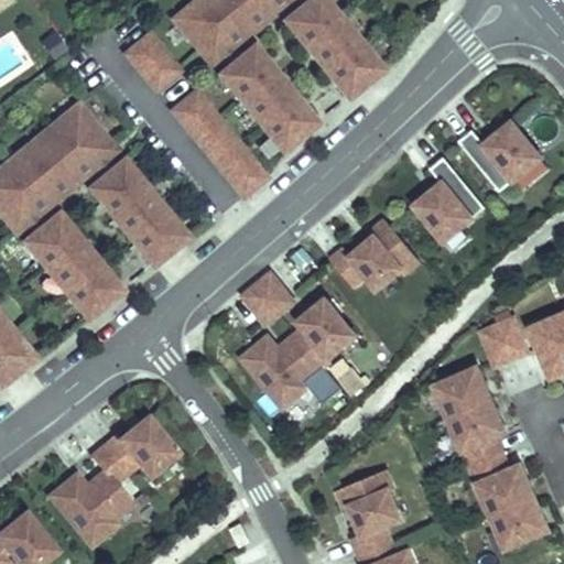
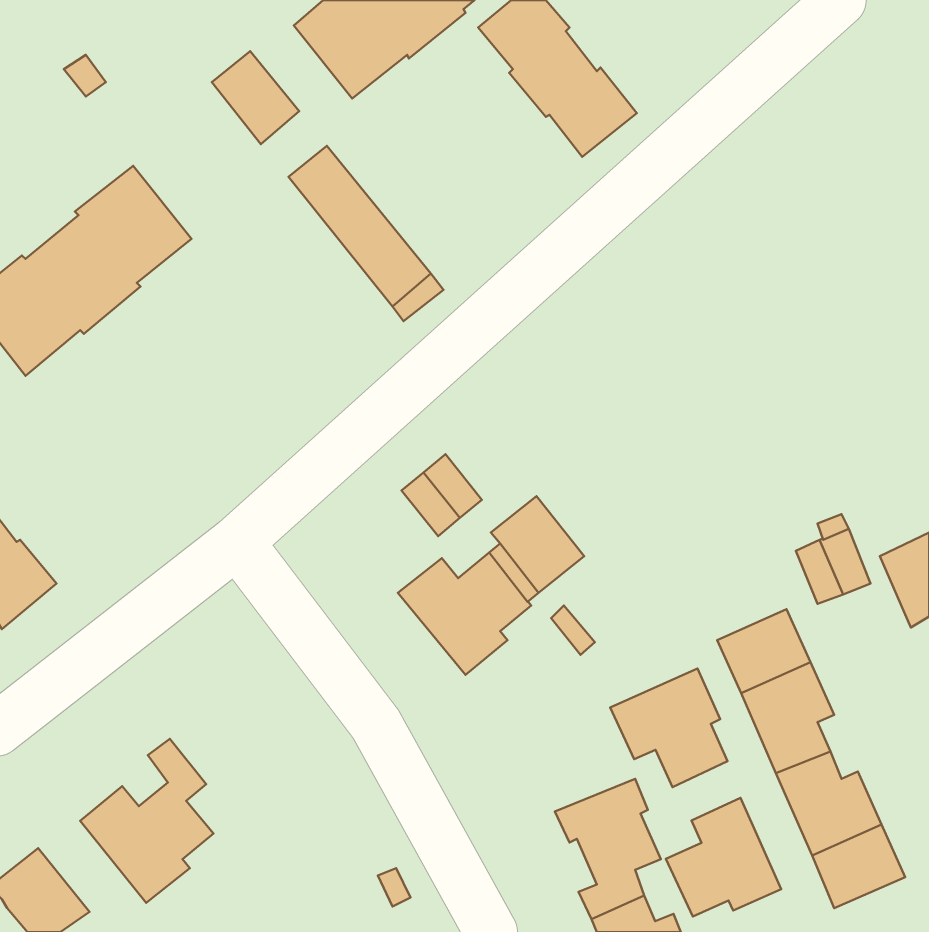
building: [221,44,317,149] -> none
building: [457,123,539,192] -> none
building: [93,155,187,260] -> none
building: [413,158,482,241] -> none
building: [24,210,119,315] -> none
building: [328,221,416,289] -> none
building: none -> [610,668,727,787]
building: [102,416,174,475] -> none
building: none -> [666,798,781,916]

